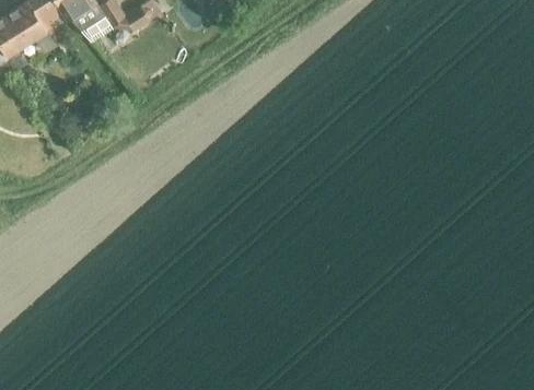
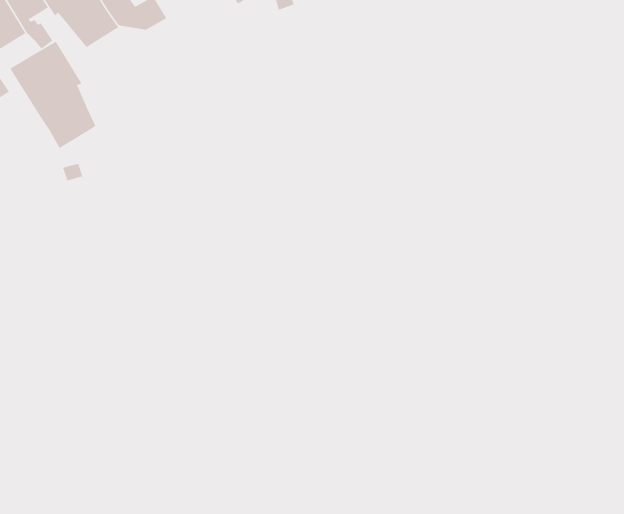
building: none -> [9,41,96,149]

